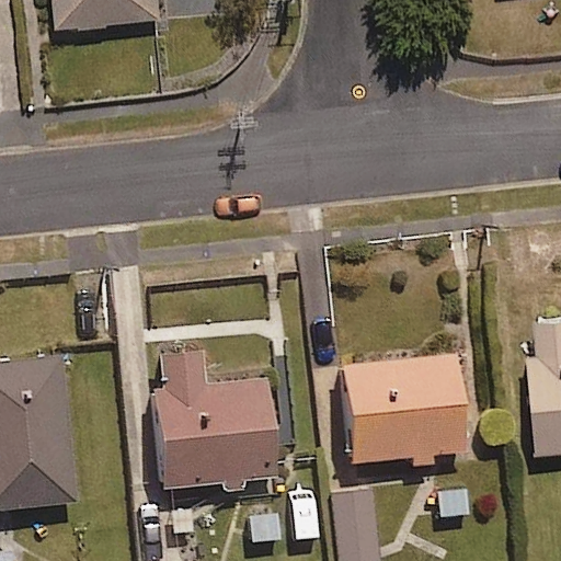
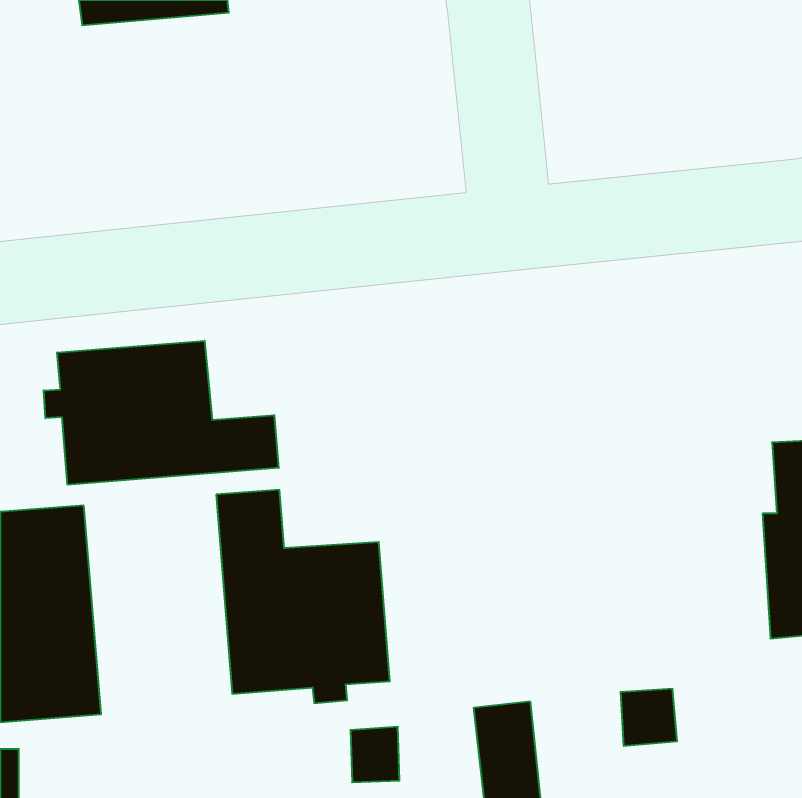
building: none -> [44,341,279,485]
building: [344,356,462,466] -> none

